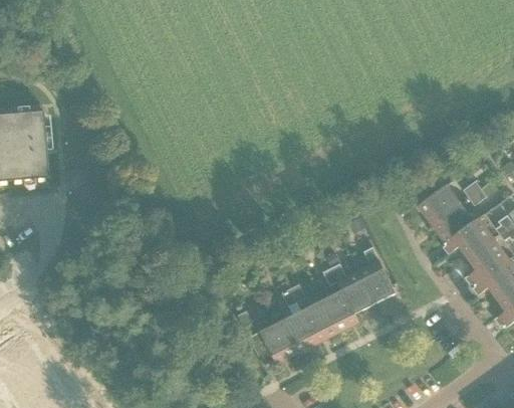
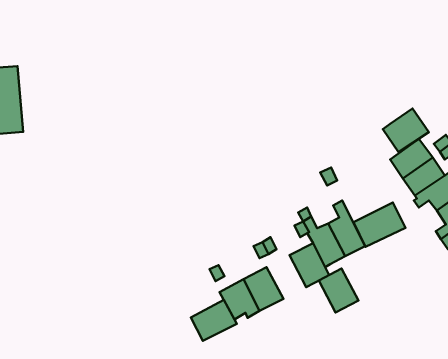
building: none -> [383,108,429,152]
building: none -> [354,203,405,247]
building: [294,299,334,344] -> [319,269,359,312]
building: none -> [191,300,237,341]

